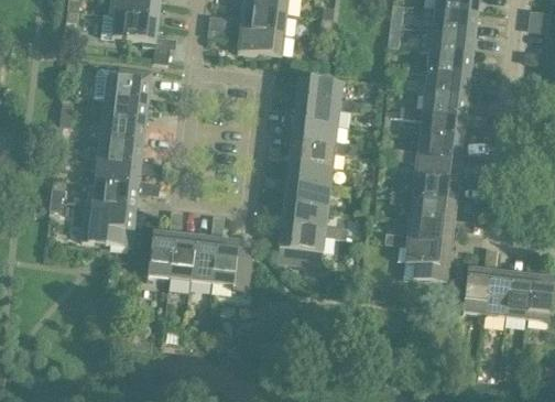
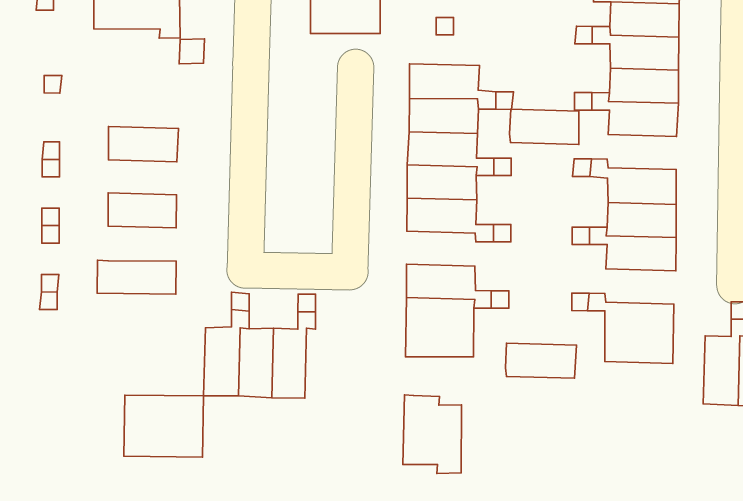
building: [94,66,150,102] -> none
building: [99,118,144,144] -> none
building: [416,133,461,160] -> [510,109,579,144]
building: [95,160,140,186] -> none
building: [283,182,328,208] -> none
building: [81,202,135,246] -> [124,395,203,457]
building: [406,218,453,245] -> [506,343,577,378]
building: [210,237,251,290] -> [403,395,461,473]

